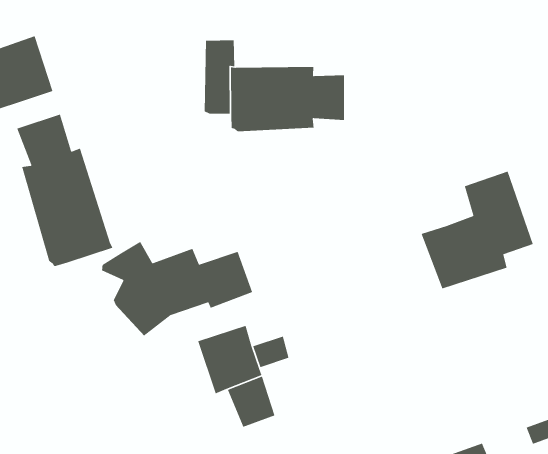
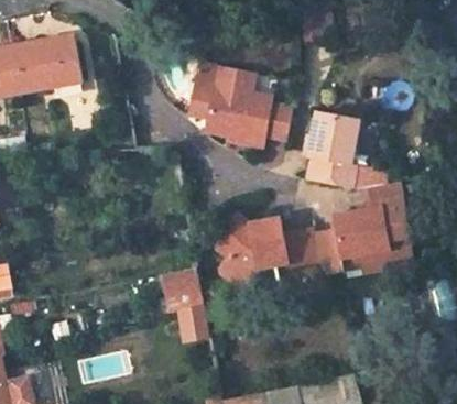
building: none -> [301,119,355,194]
building: [16,113,114,267] -> none
building: [101,241,253,336] -> [214,214,319,282]

